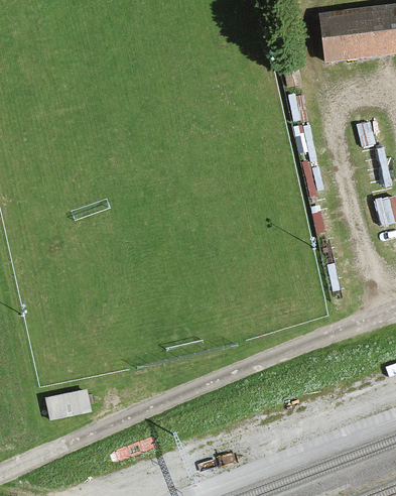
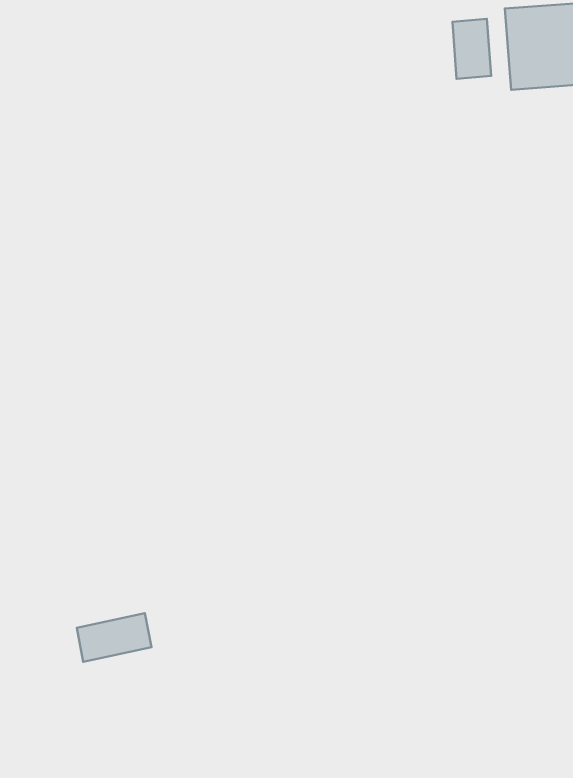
building: none -> [452,19,491,79]

